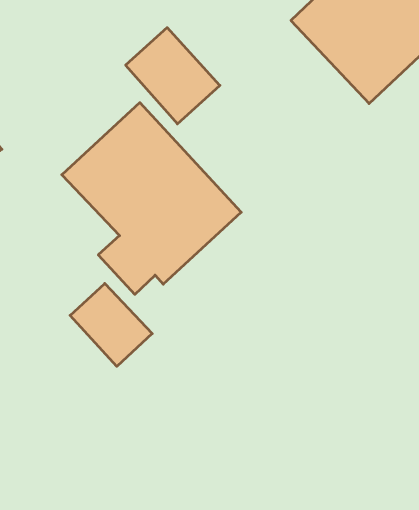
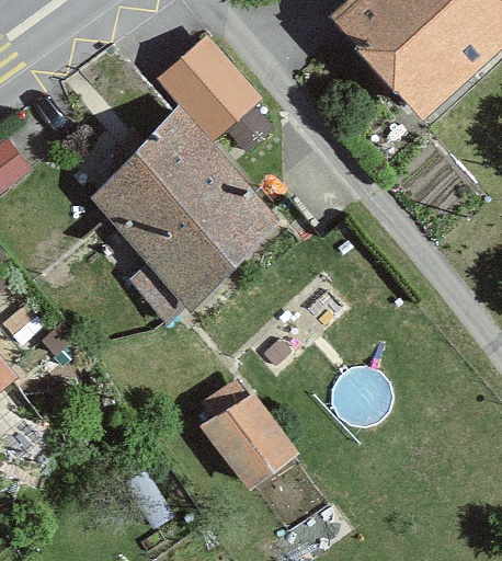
building: [70,283,152,366] -> none
building: none -> [201,390,300,492]

